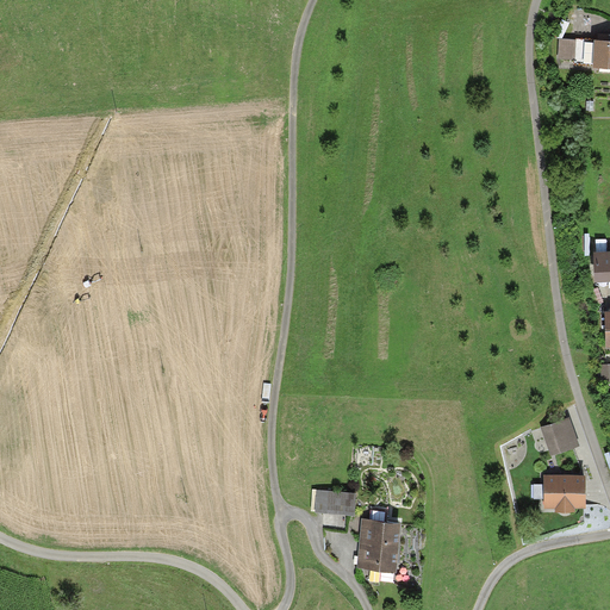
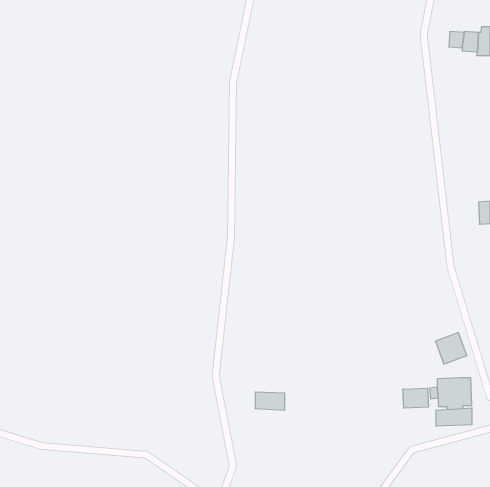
building: none -> [403,388,428,408]
building: none -> [436,408,472,426]
building: [357,518,402,585] -> none

